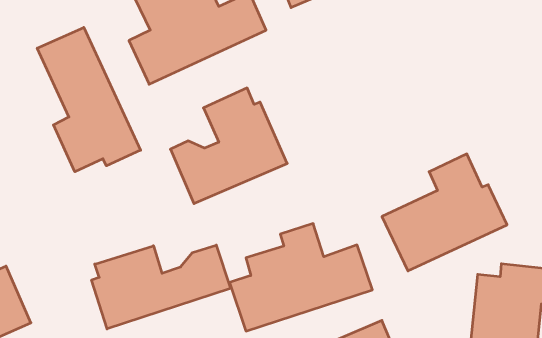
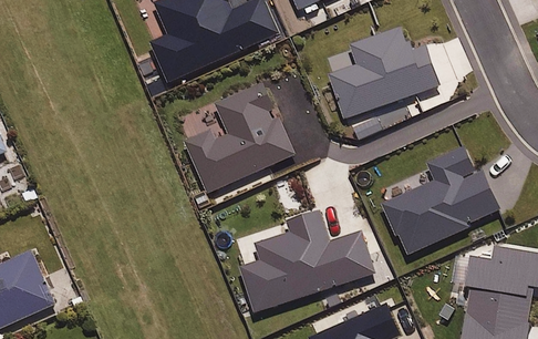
building: none -> [329,27,439,119]
building: [37,27,141,172] -> none
building: [92,245,230,329] -> none

